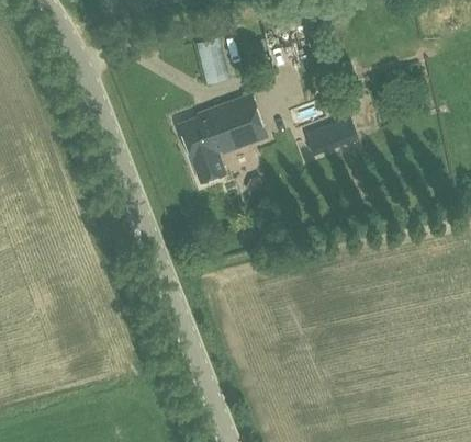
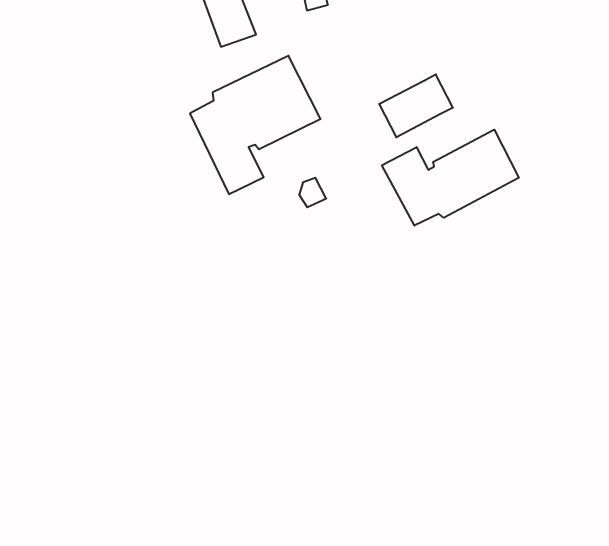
building: none -> [382,130,519,226]

